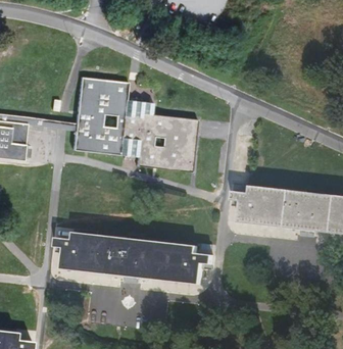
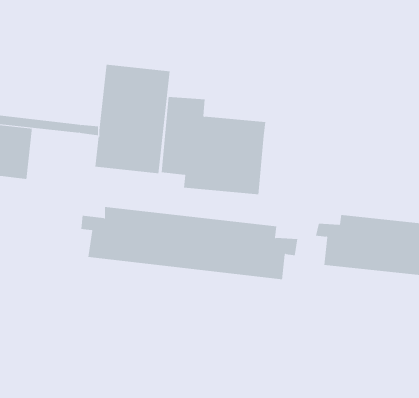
building: [57,233,215,286] -> [80,207,298,280]

